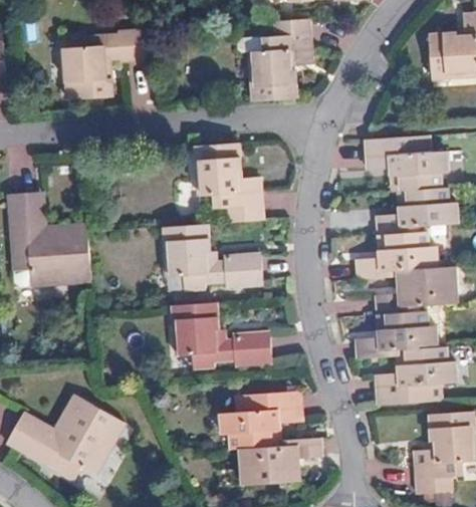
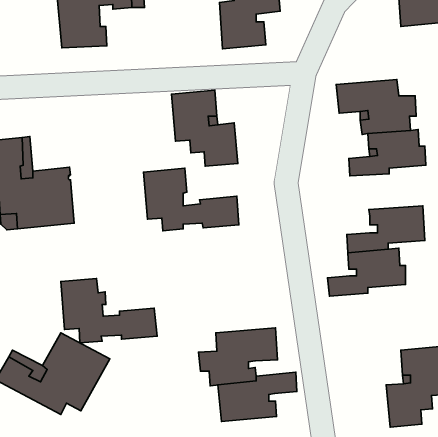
building: [356,230,439,278] -> none
building: [179,302,279,369] -> [61,278,157,343]
building: [376,345,456,405] -> none

